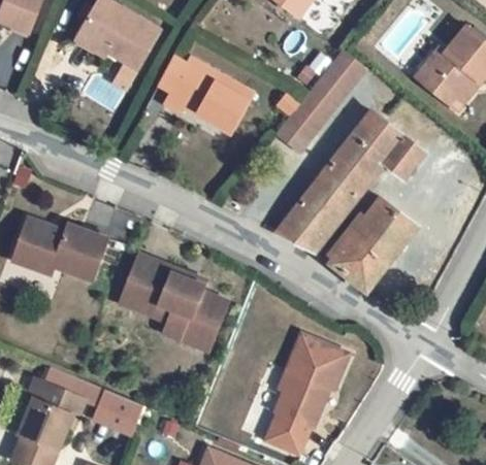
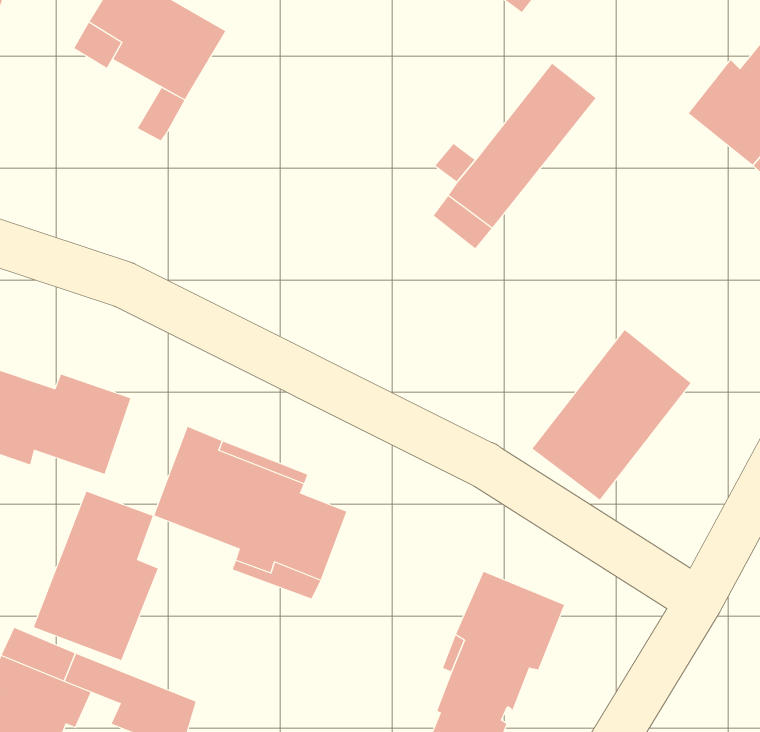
building: [156,60,250,130] -> none
building: [276,111,424,253] -> none
building: none -> [33,491,159,661]

